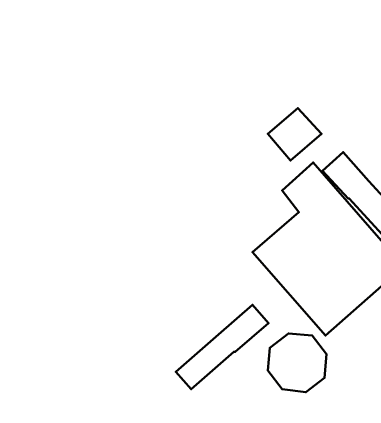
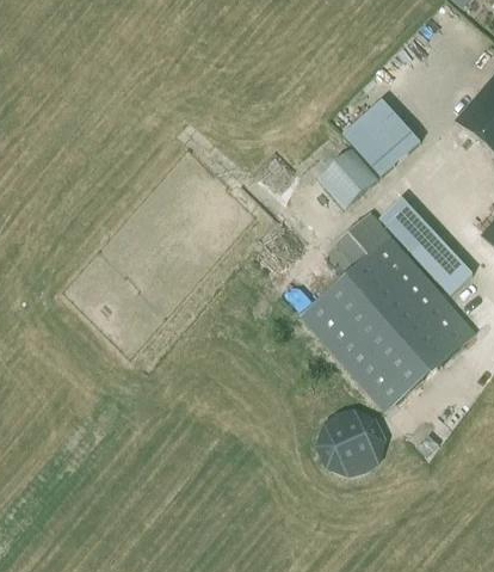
building: none -> [344,99,420,176]
building: [176,305,268,389] -> none

